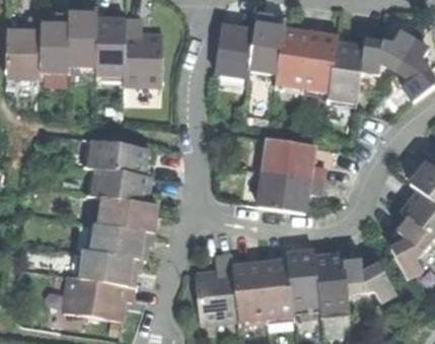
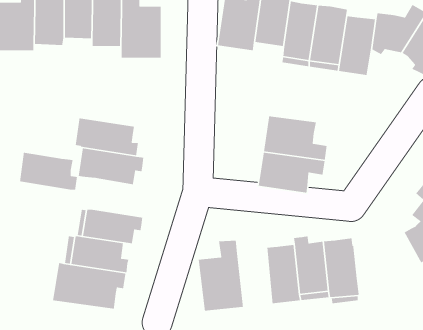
building: [96,197,152,233] -> [19,152,78,190]
building: [346,260,397,300] -> none
building: [235,262,268,319] -> none

